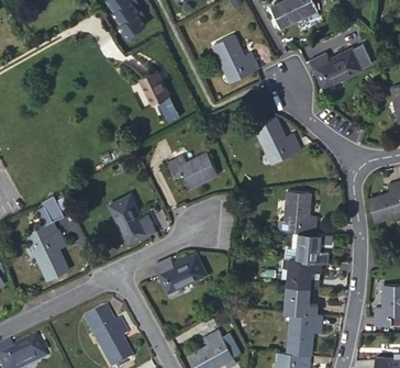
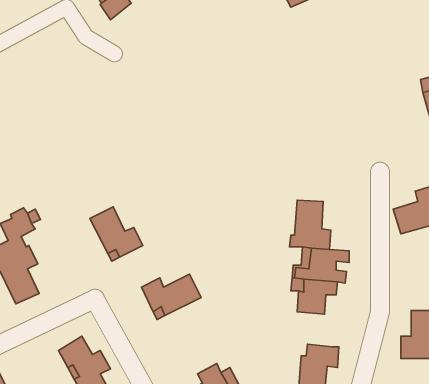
building: [213,36,259,80] -> none
building: [311,49,360,86] -> none
building: [140,71,177,115] -> none
building: [255,116,301,161] -> none
building: [167,153,218,187] -> none
building: [286,286,318,315] -> none

